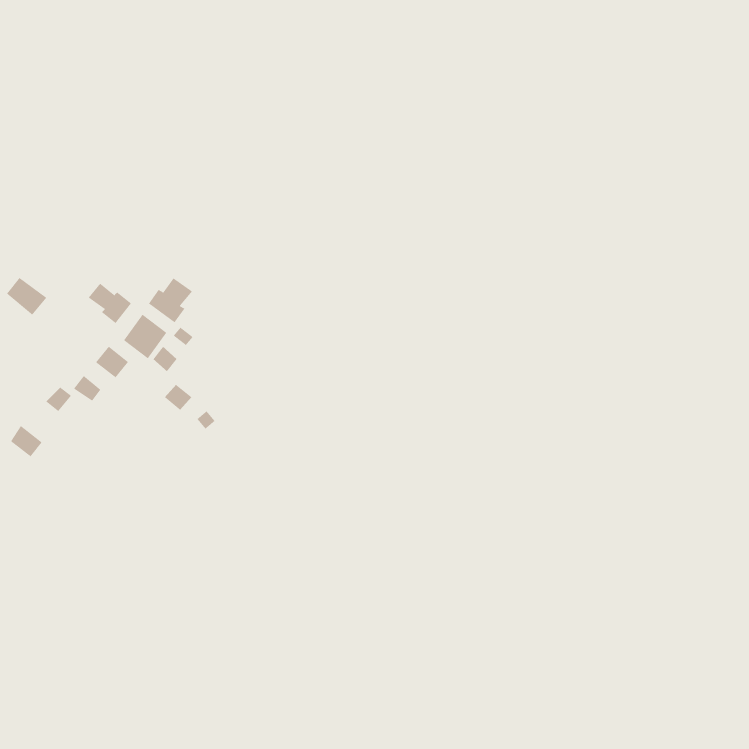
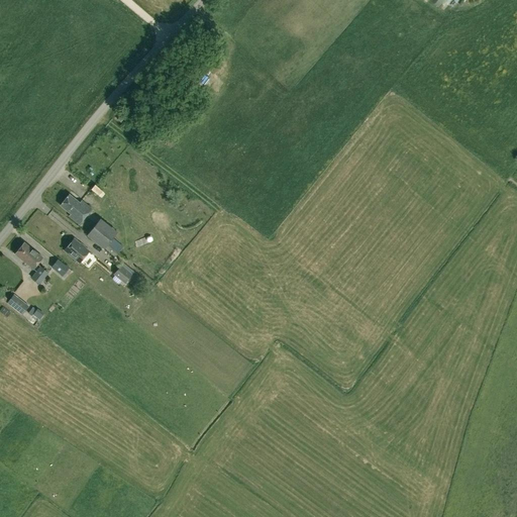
building: [6,277,47,315] -> [15,242,43,269]
building: [148,277,193,323] -> none

